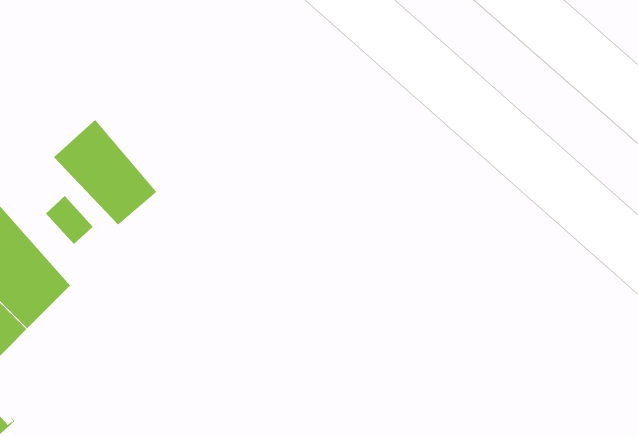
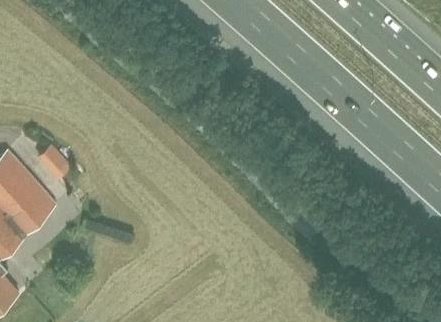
building: [53,119,157,225] -> none

